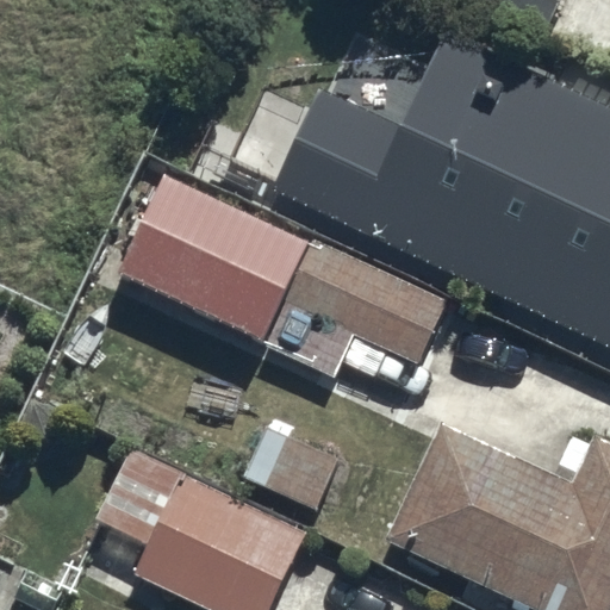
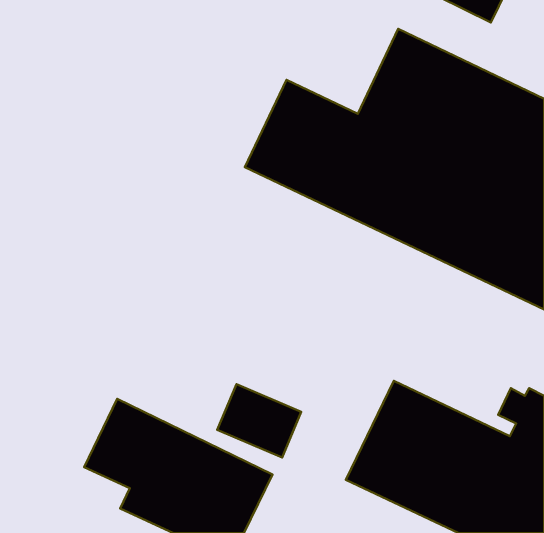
building: [119,176,448,366] -> none

